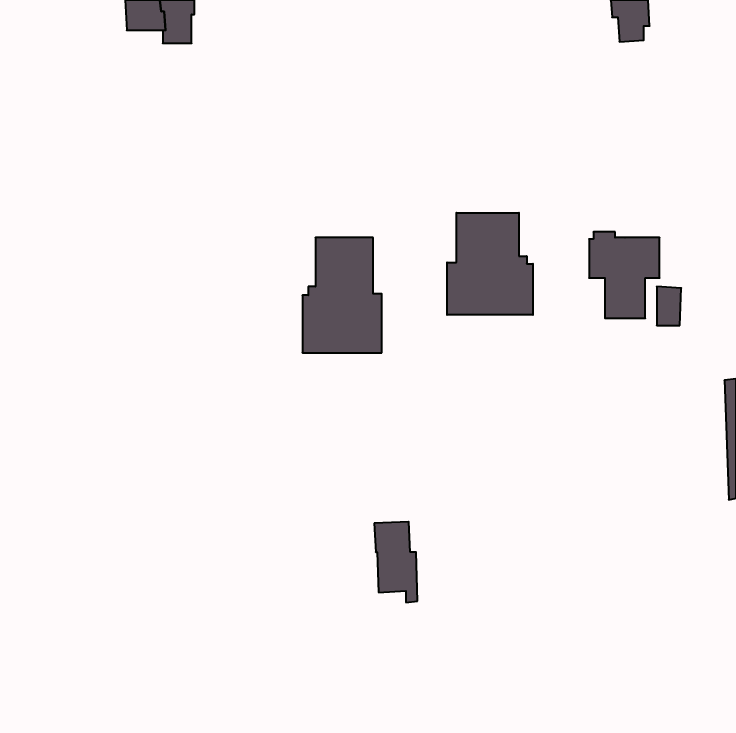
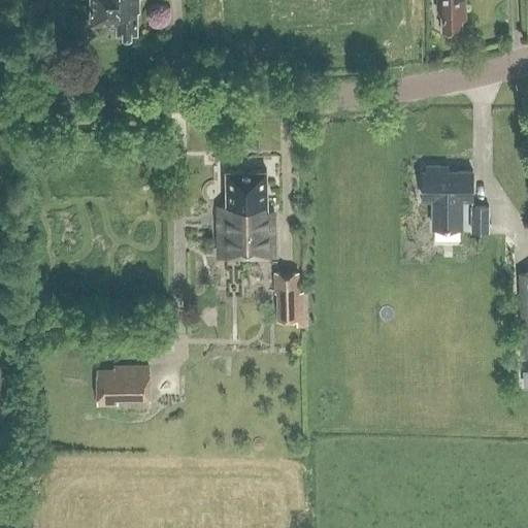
building: [447,213,533,315] -> none
building: none -> [98,369,147,407]
building: [374,522,417,602] -> [273,272,304,330]

